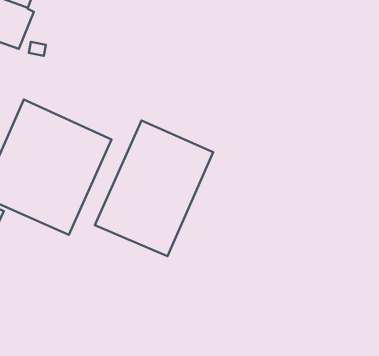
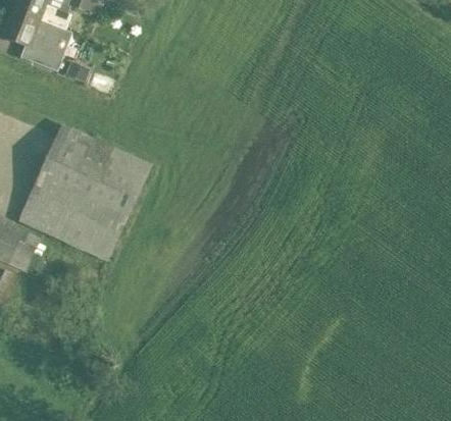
building: [95,121,213,256] -> none

